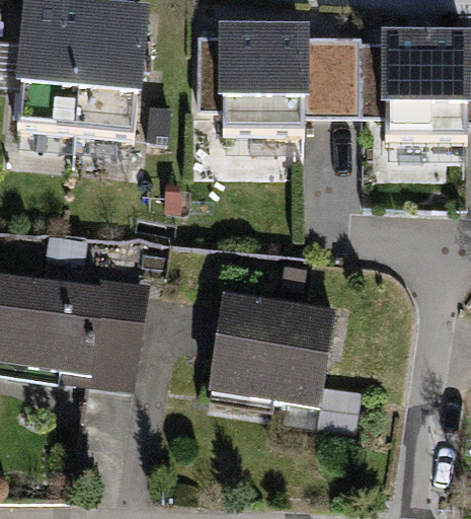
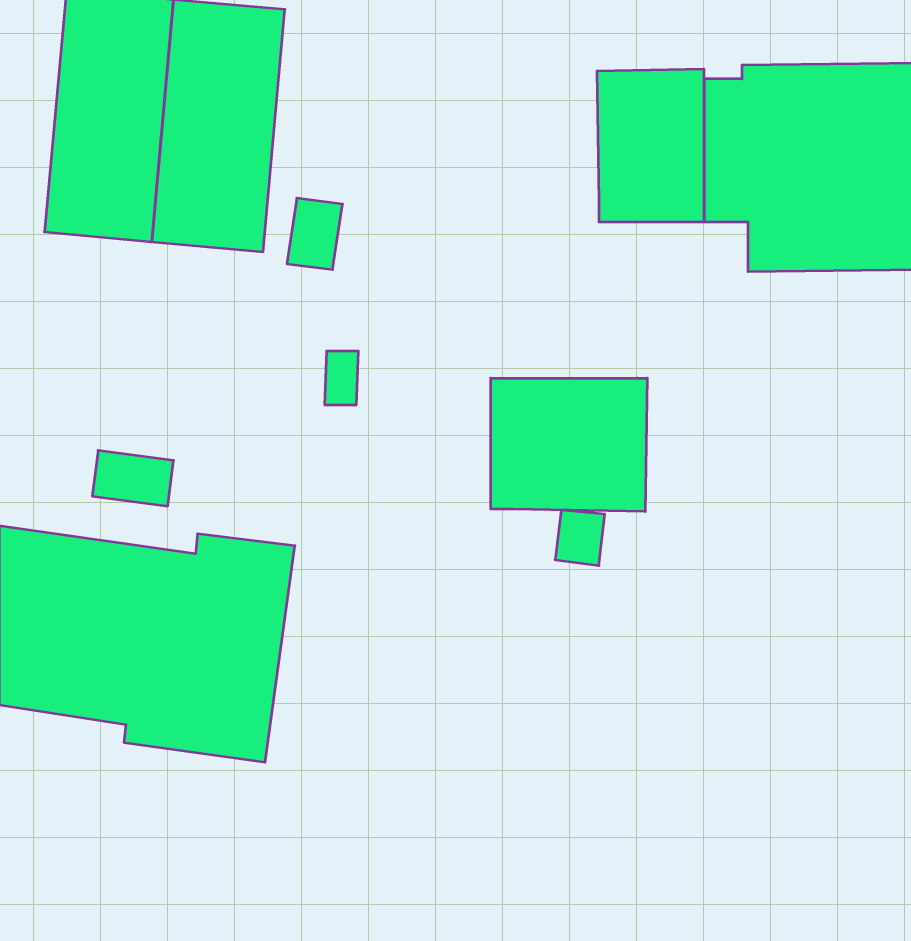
building: [215,27,306,130] -> none
building: none -> [491,378,647,512]
building: [215,293,366,437] -> none

